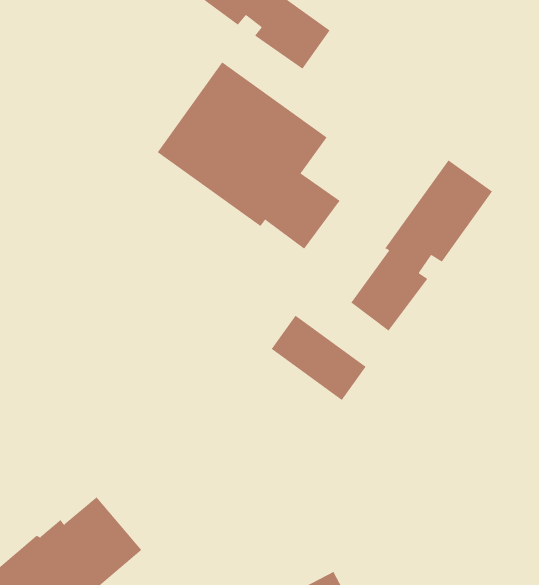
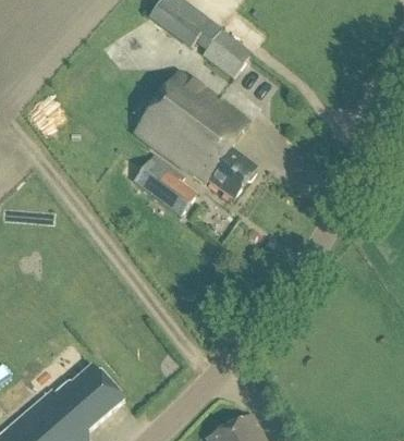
building: [350,159,493,331] -> none
building: [271,315,367,401] -> [131,156,195,213]

